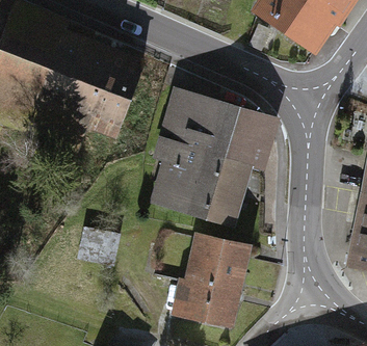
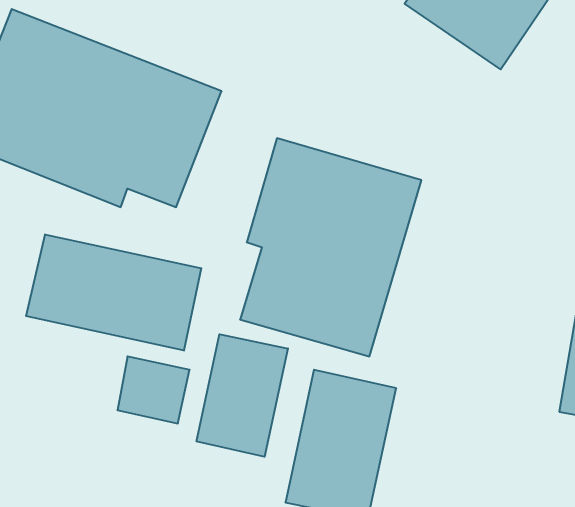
building: none -> [26,234,201,351]
building: none -> [197,334,288,457]

